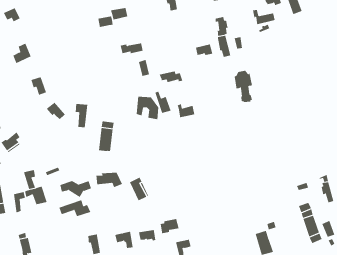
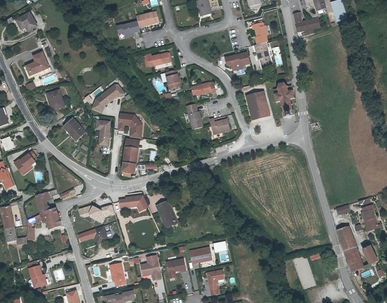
building: none -> [91,84,125,112]
building: none -> [244,89,269,119]
building: [136,96,159,120] -> [116,112,142,138]

